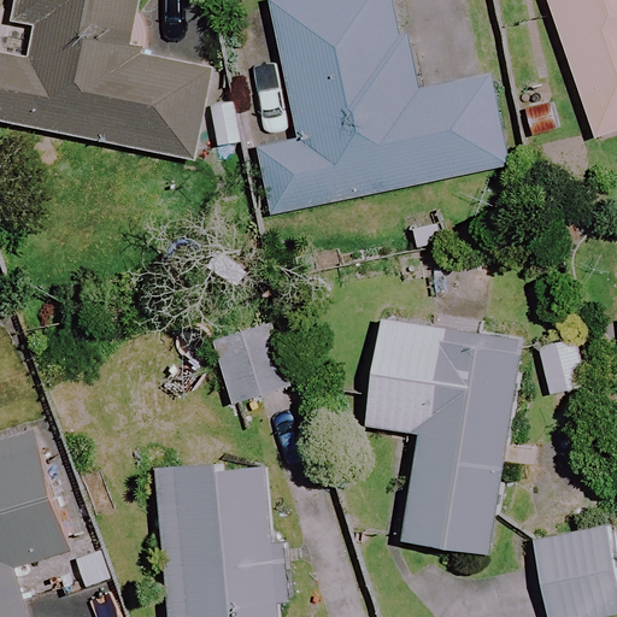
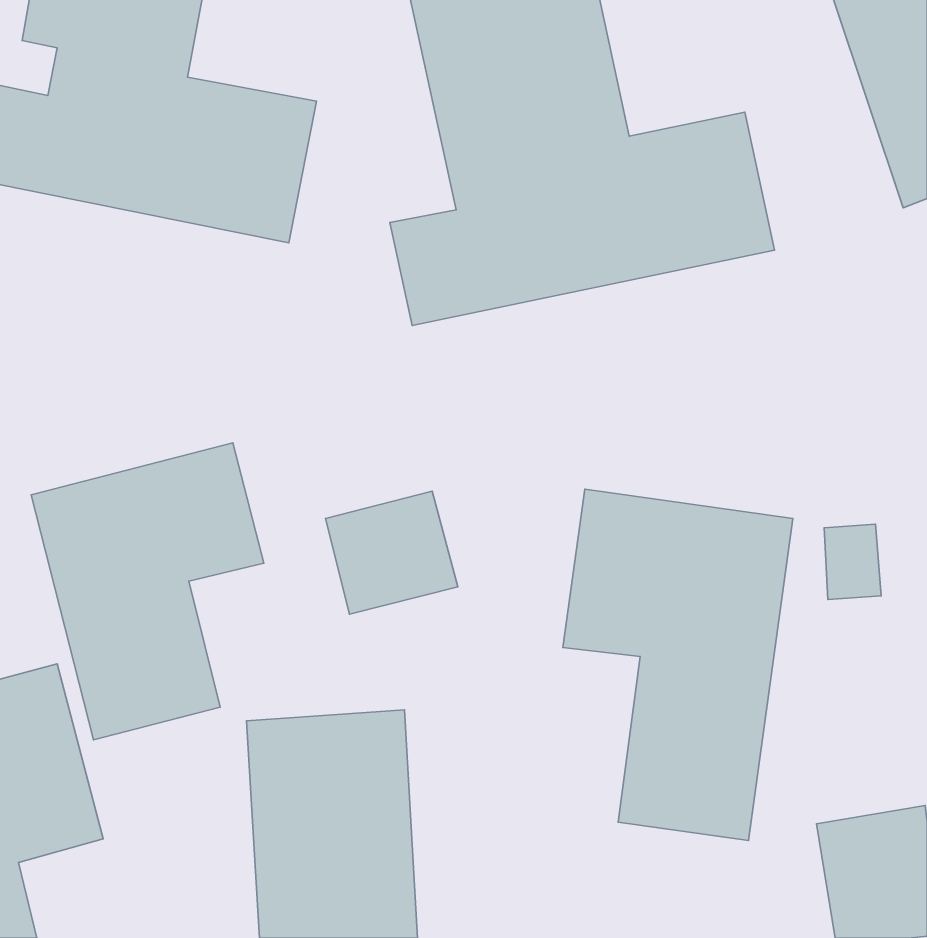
building: none -> [31,443,264,740]

